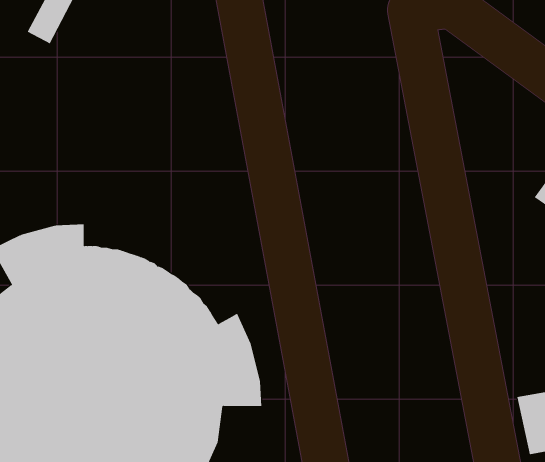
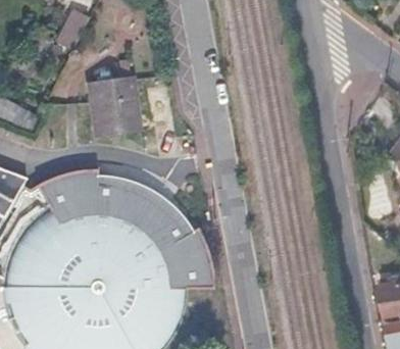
building: none -> [88,77,138,137]
building: none -> [96,173,191,233]

